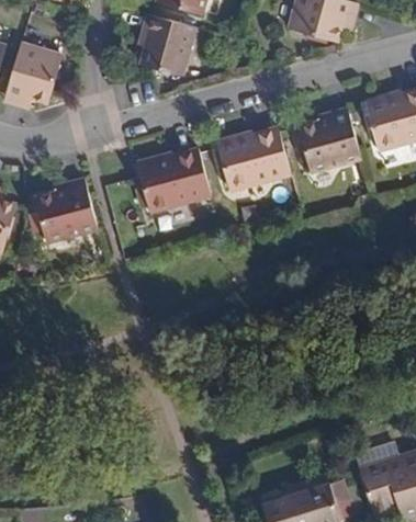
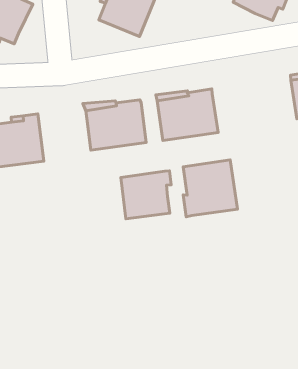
building: [297,109,361,171] -> none
building: none -> [183,160,238,217]
building: none -> [121,171,171,219]

